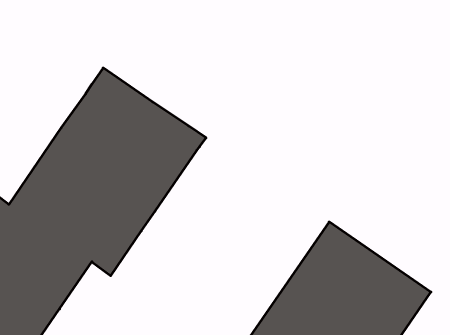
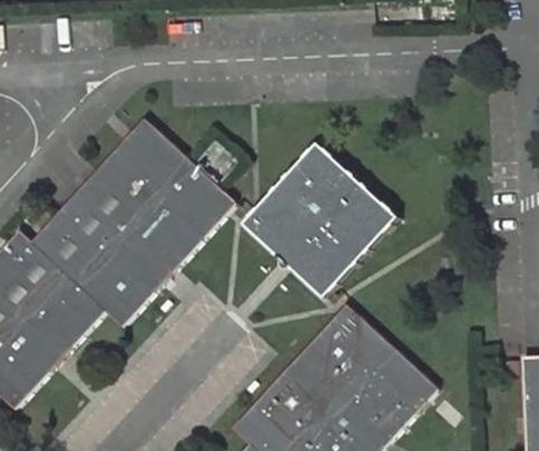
building: none -> [244,143,399,297]

